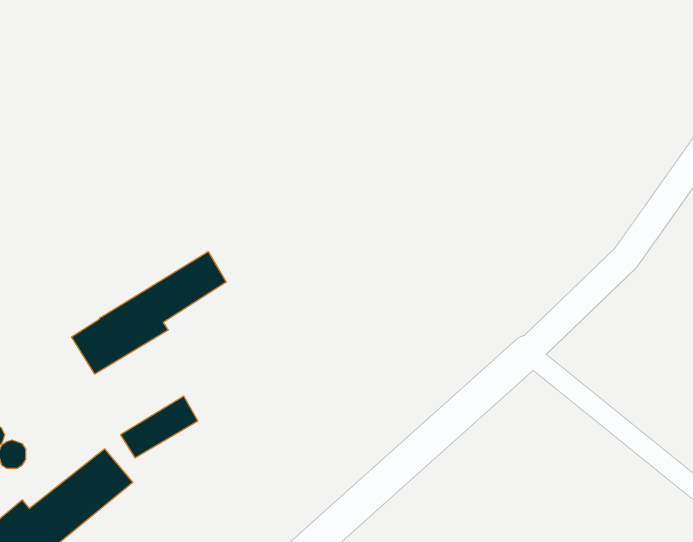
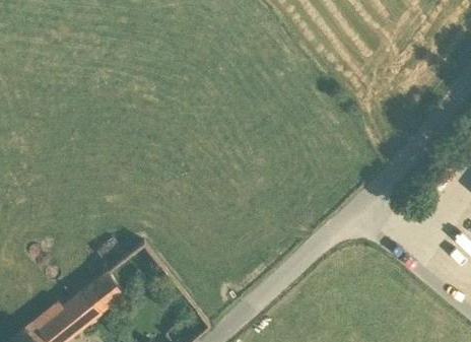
building: [71,252,226,374] -> none

